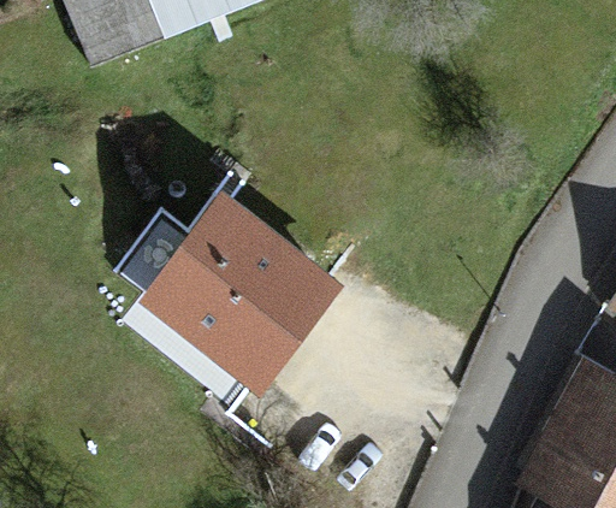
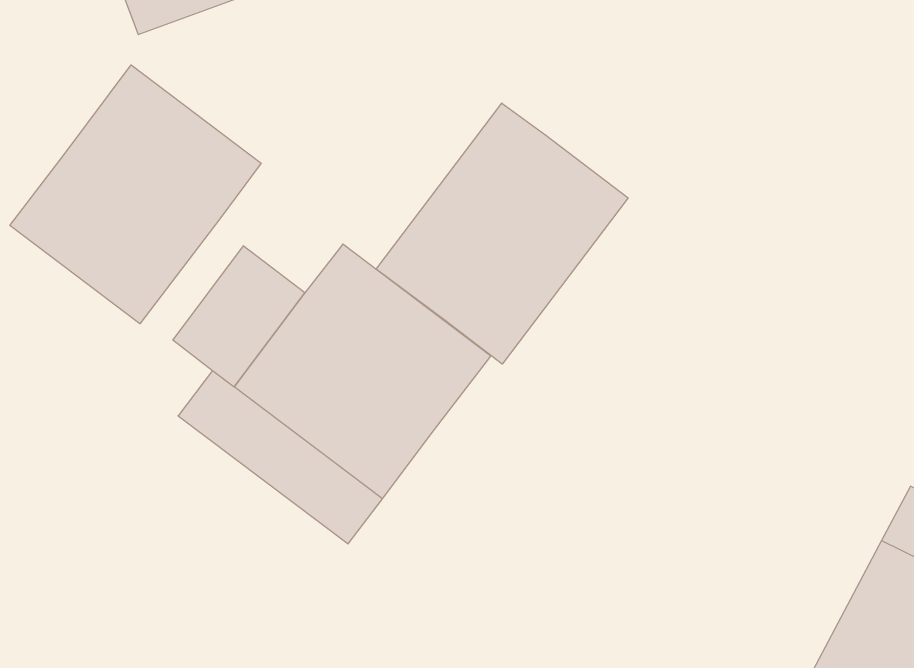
building: none -> [10,65,261,324]
building: none -> [376,103,628,364]

